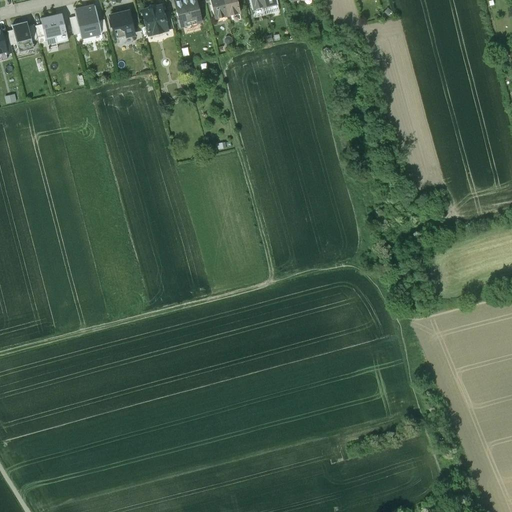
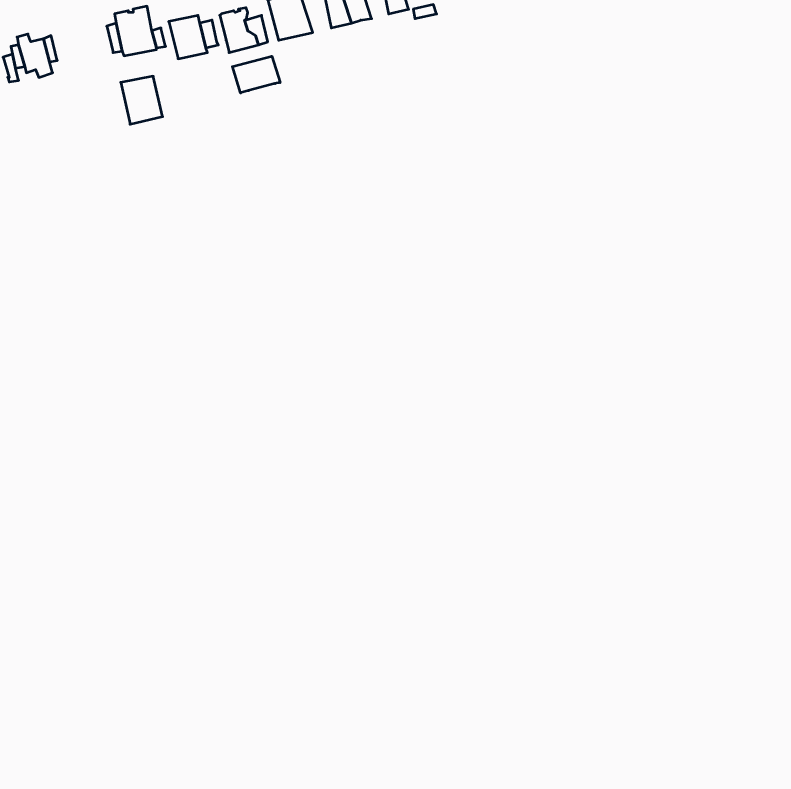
building: [41,13,68,44] -> [121,76,163,124]
building: none -> [232,56,280,93]

